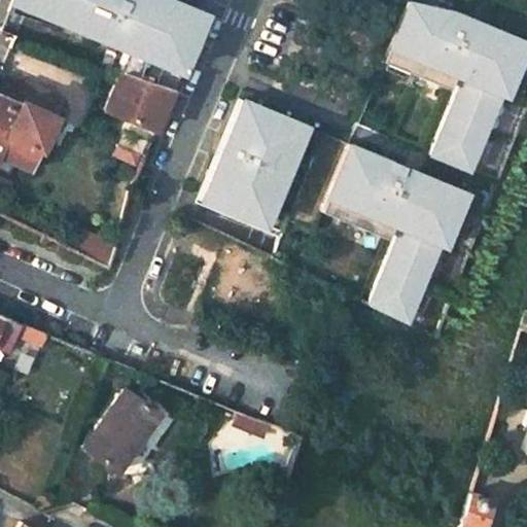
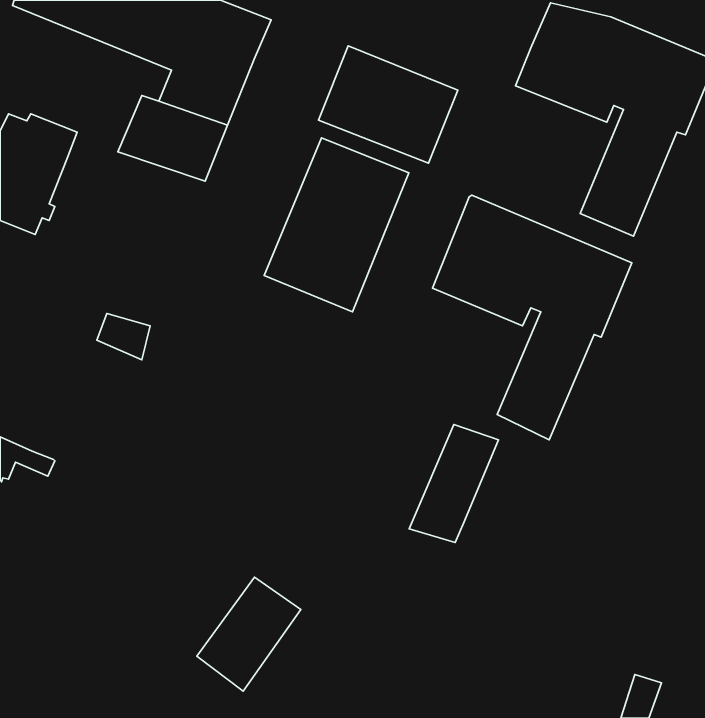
building: none -> [319,46,458,163]
building: none -> [409,425,499,543]
building: [84,392,161,476] -> [197,577,301,691]

